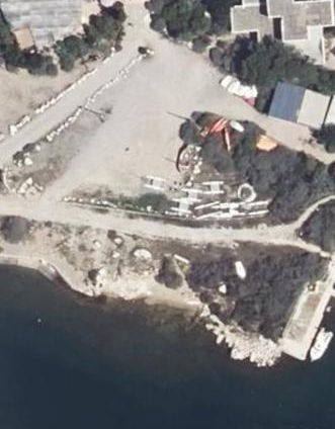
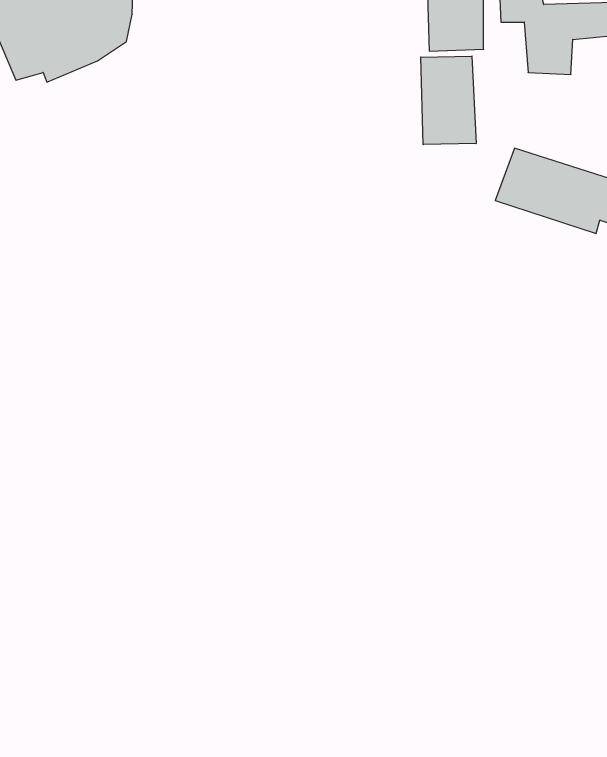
building: none -> [421,56,476,145]

